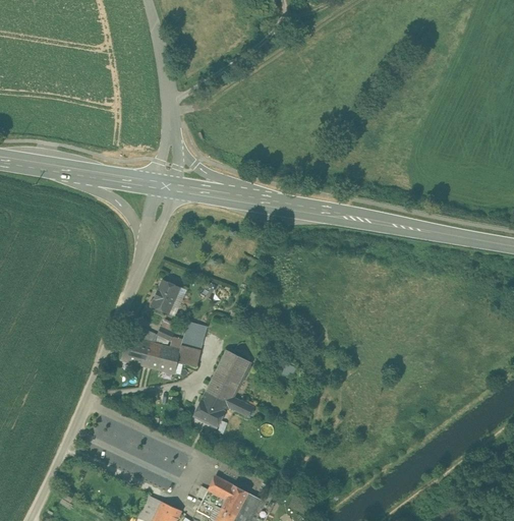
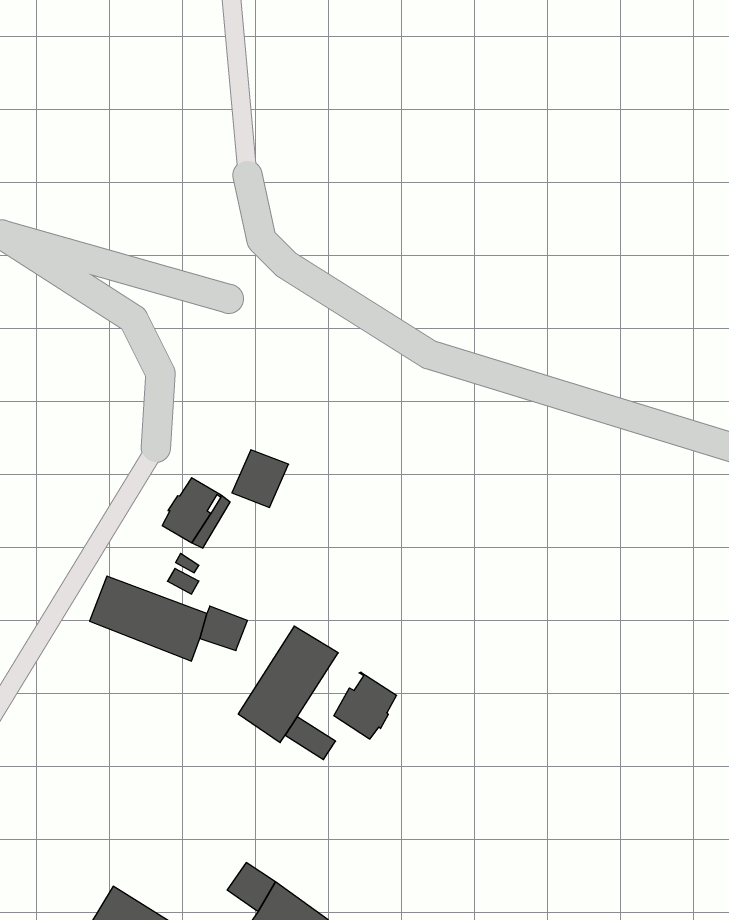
building: [180,322,208,350] -> [232,450,289,507]
building: none -> [334,672,397,739]
building: [192,399,225,427] -> none

